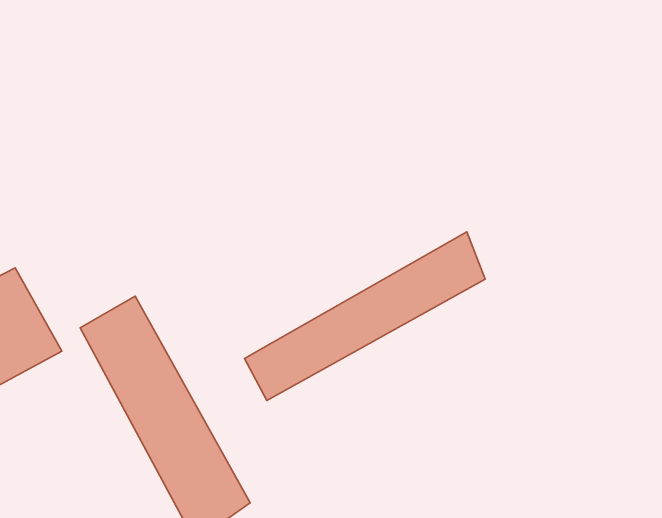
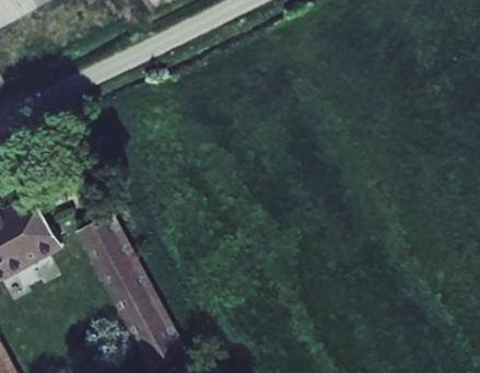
building: [245,232,485,401] -> none

